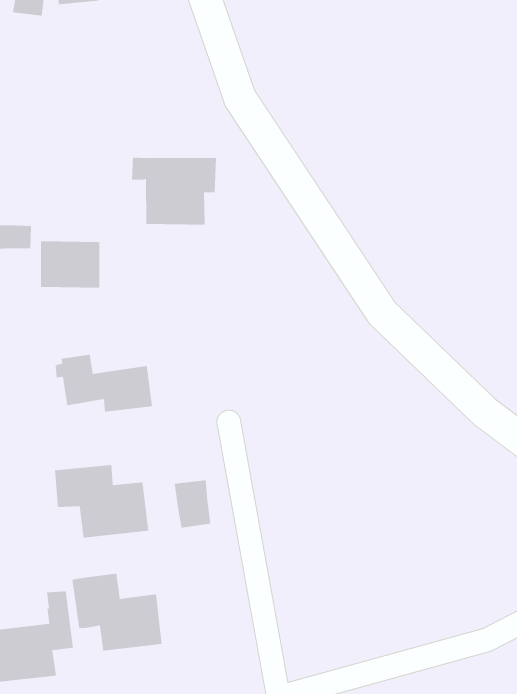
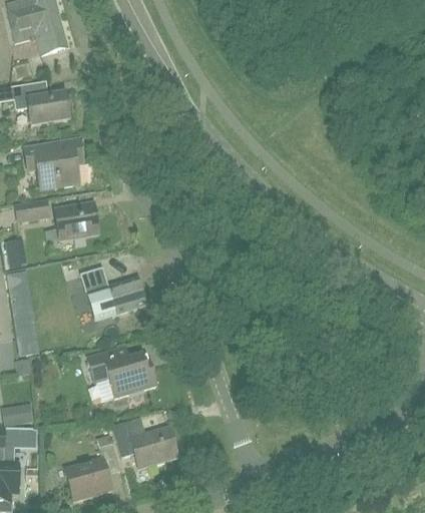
building: none -> [12,81,69,123]
building: [131,157,217,225] -> [24,137,82,188]
building: [174,480,211,529] -> none

